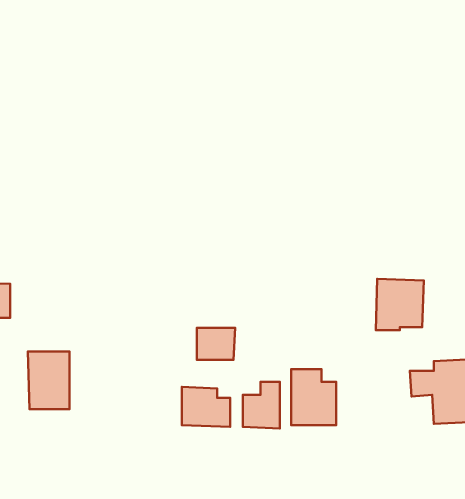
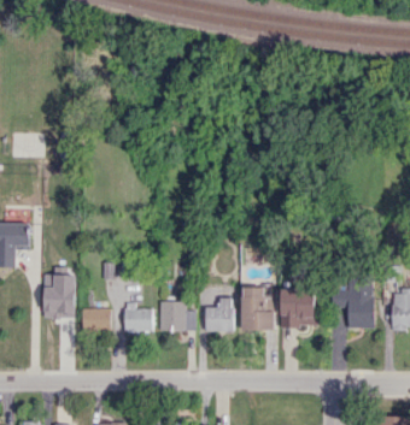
building: [376,279,424,330] -> [280,289,316,327]
building: [197,328,235,360] -> [124,308,153,332]
building: none -> [82,308,111,330]

